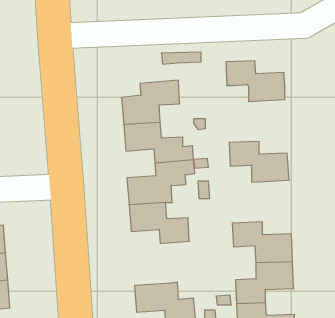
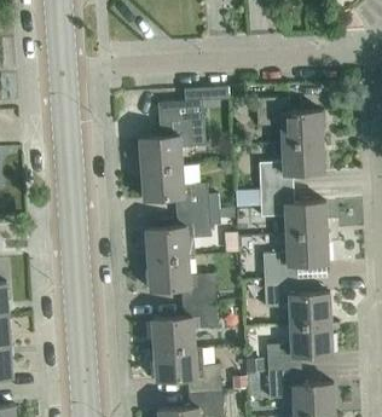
building: none -> [158,100,203,123]
building: none -> [259,141,324,190]
building: none -> [264,232,329,280]
building: none -> [152,301,218,351]

